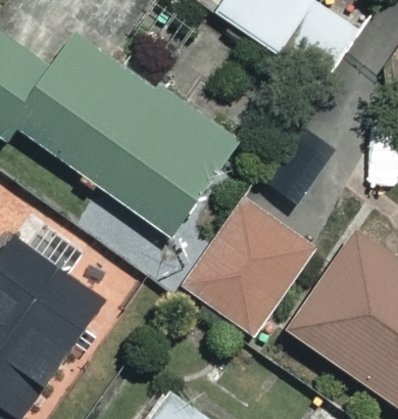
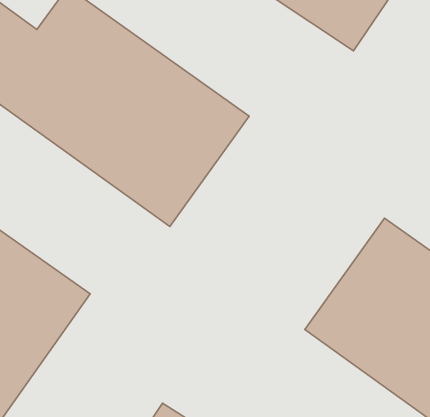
building: [183,198,312,333] -> none

